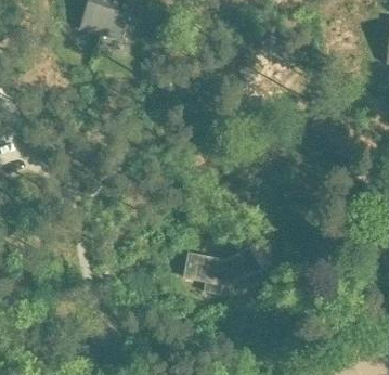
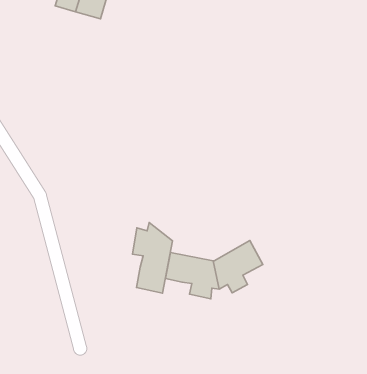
building: none -> [132,222,173,293]

